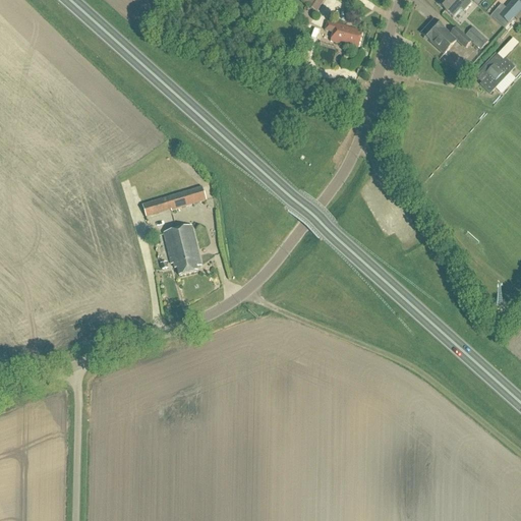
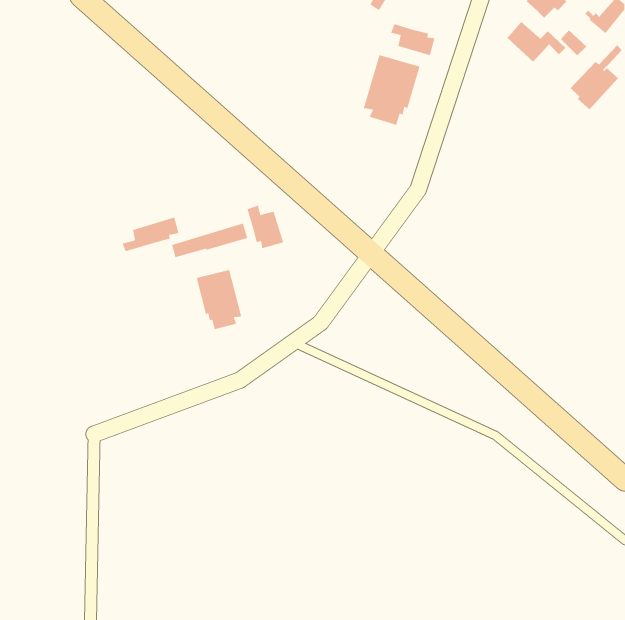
building: none -> [363,54,421,126]
building: none -> [247,205,284,249]
building: none -> [122,217,179,252]

